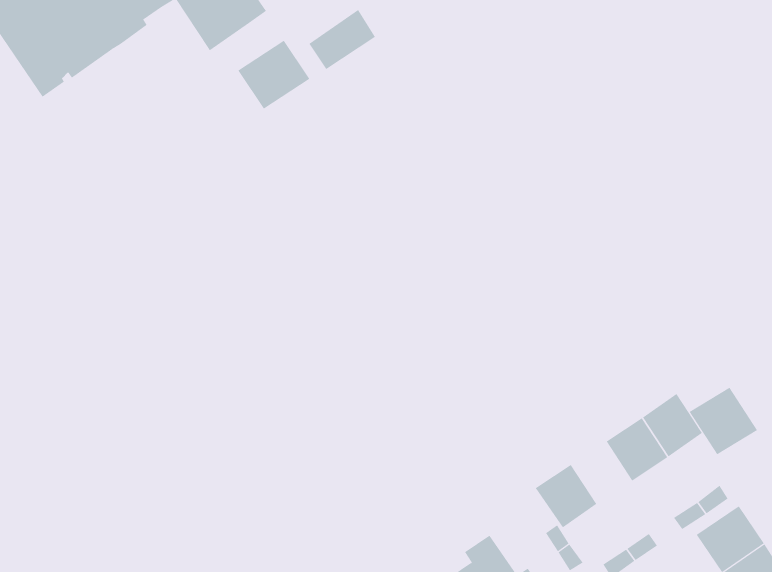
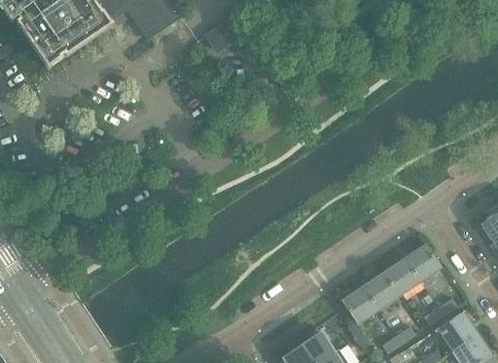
building: [238,40,310,110] -> none
building: [689,387,758,455] -> none
building: none -> [363,271,399,308]

